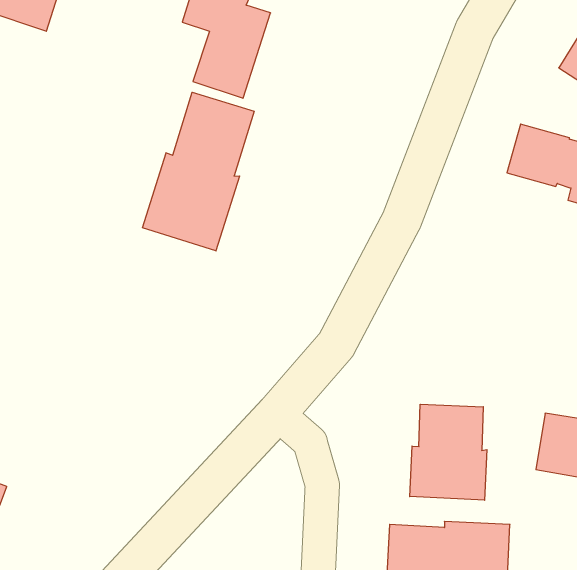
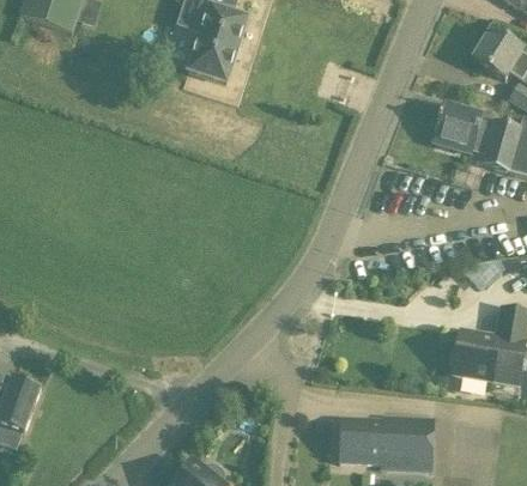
building: [142,92,254,251] -> none
building: [410,404,487,500] -> none

